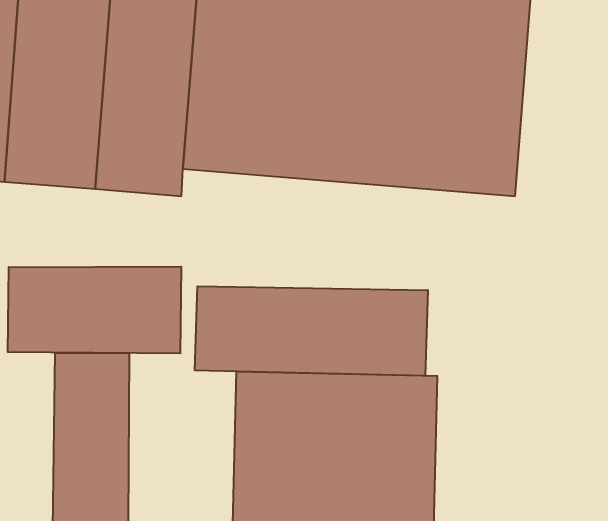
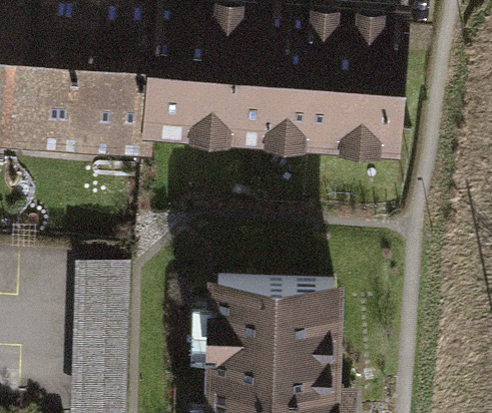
building: [8,267,181,353] -> none
building: [195,286,428,376] -> none

